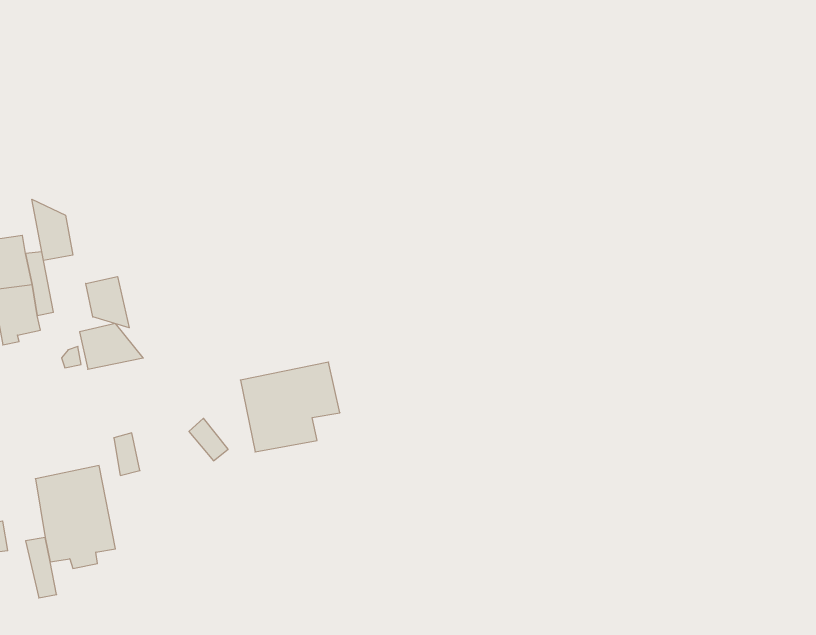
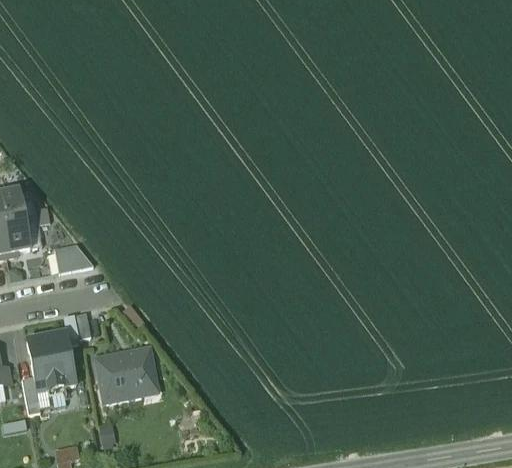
building: [32,199,73,260] -> none
building: [86,277,129,328] -> none
building: [240,362,340,452] -> [94,346,155,401]

